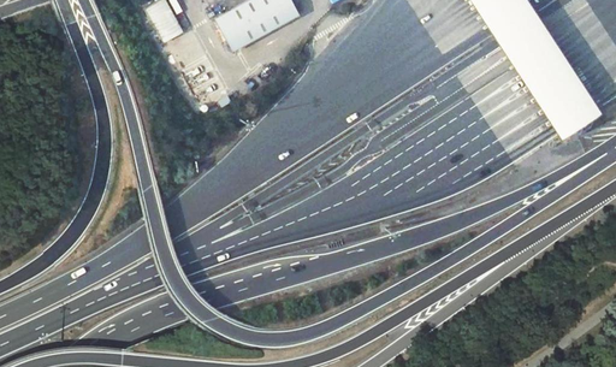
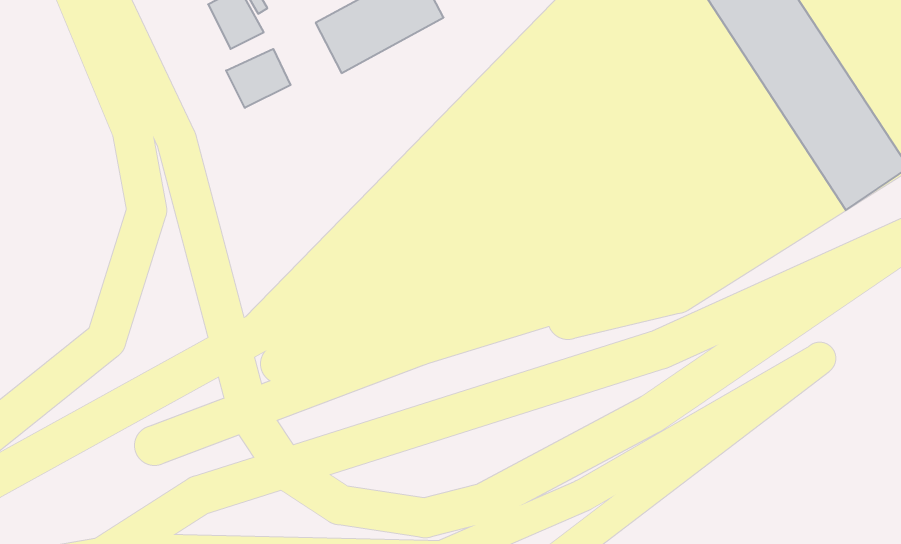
building: none -> [226,49,291,108]

